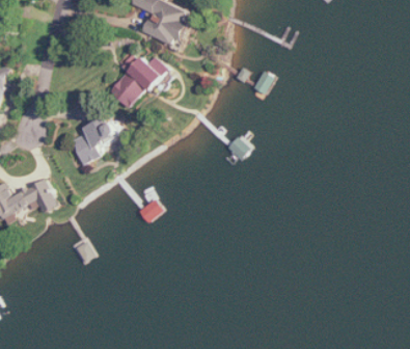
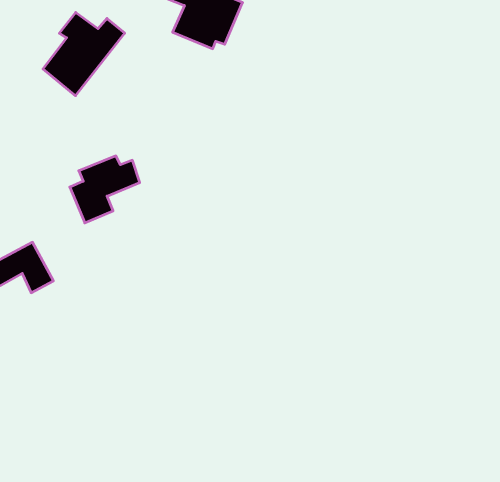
building: [108,53,165,111] -> [43,12,125,96]

